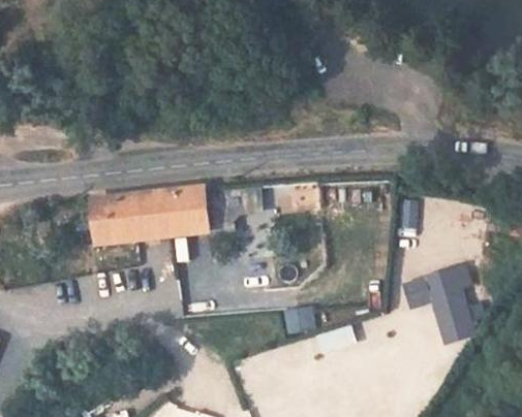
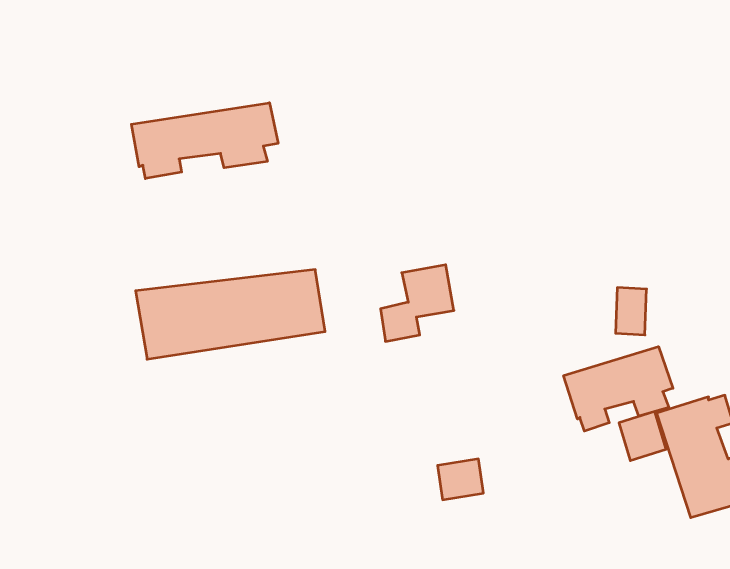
building: none -> [131,103,278,179]
building: none -> [564,347,673,431]

